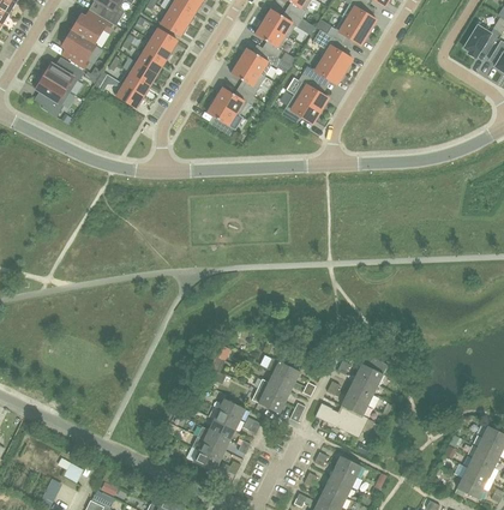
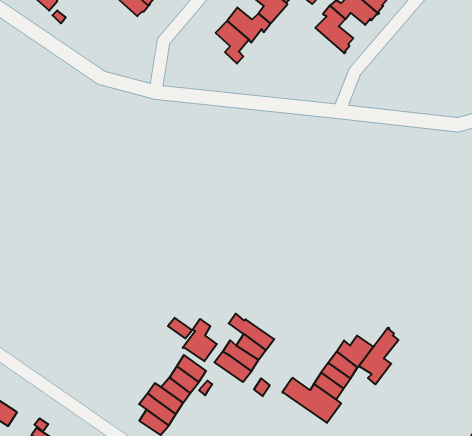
building: [281,94,322,124] -> none
building: none -> [359,328,398,384]
building: none -> [183,319,217,361]

